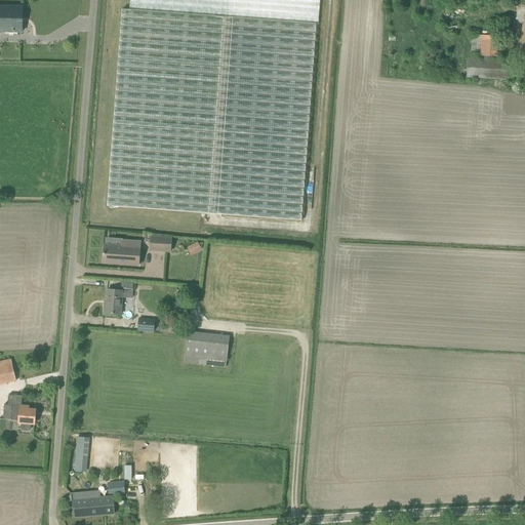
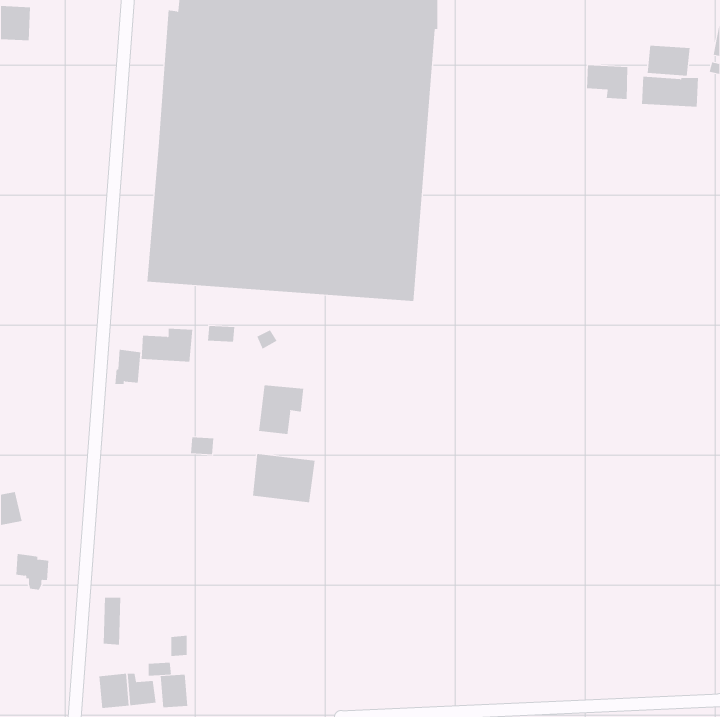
building: none -> [586,64,628,100]
building: none -> [259,384,304,435]
building: [104,288,123,314] -> [115,349,141,385]
building: none -> [160,674,188,708]

